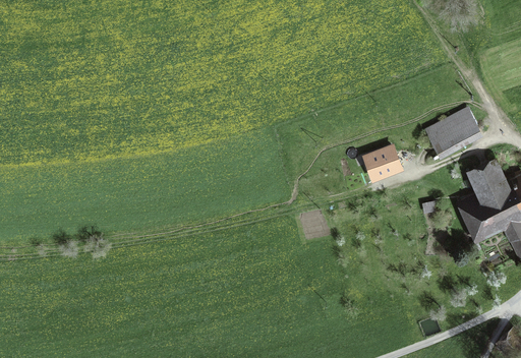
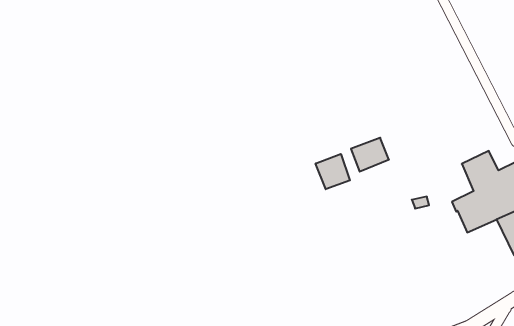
building: [428,110,477,151] -> none
building: none -> [316,154,350,189]

